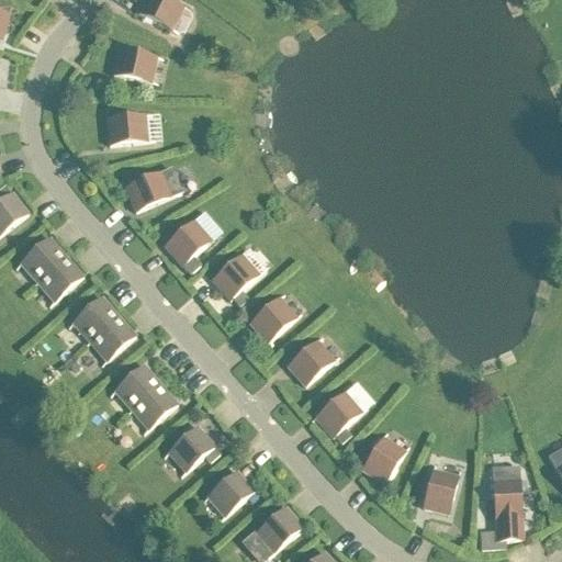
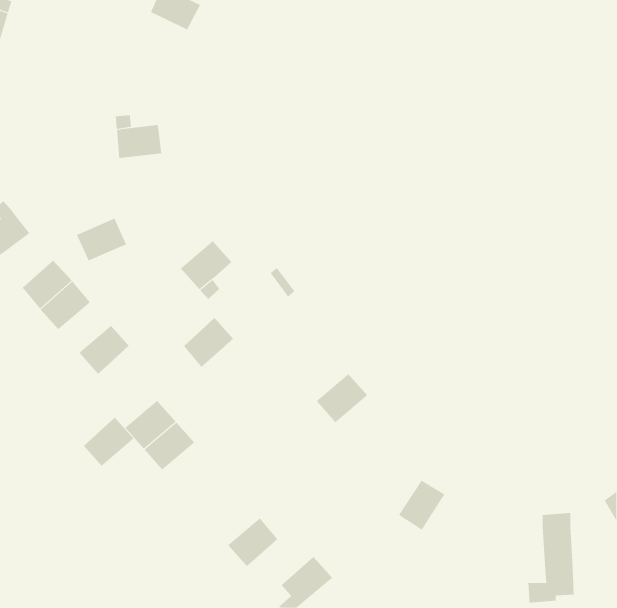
building: [112,47,155,81] -> none
building: [124,170,170,210] -> [76,218,127,261]
building: [212,252,258,299] -> [183,317,234,368]
building: [249,295,295,341] -> none
building: [89,314,135,359] -> [83,417,134,466]
building: [314,391,361,436] -> none
building: [167,425,214,470] -> none
building: [422,468,457,512] -> none

